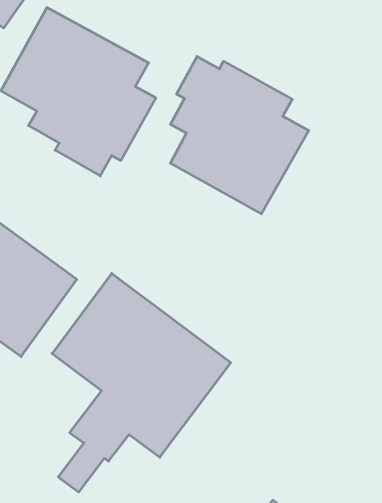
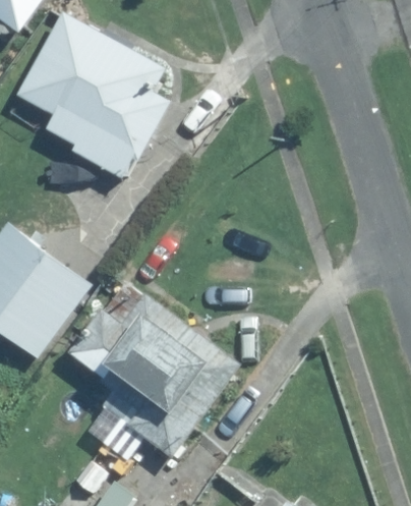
building: [170,56,309,214] -> none

